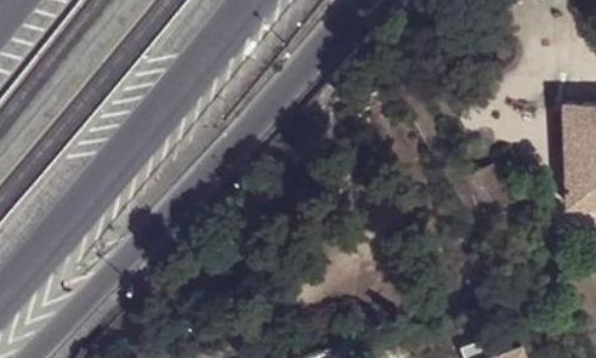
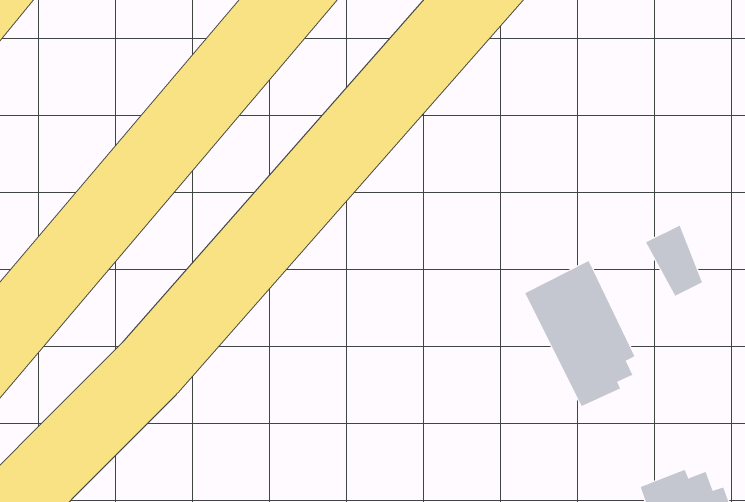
building: none -> [525,260,635,407]

